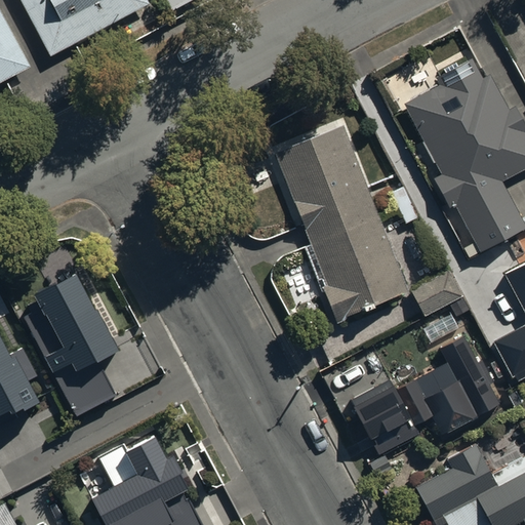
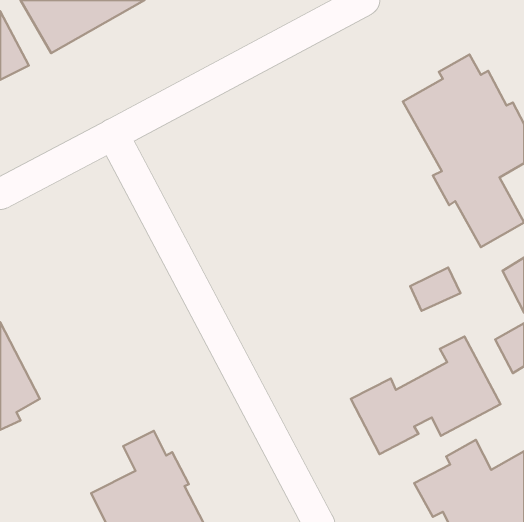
building: [274,125,407,323] -> none
building: [23,272,119,418] -> none

